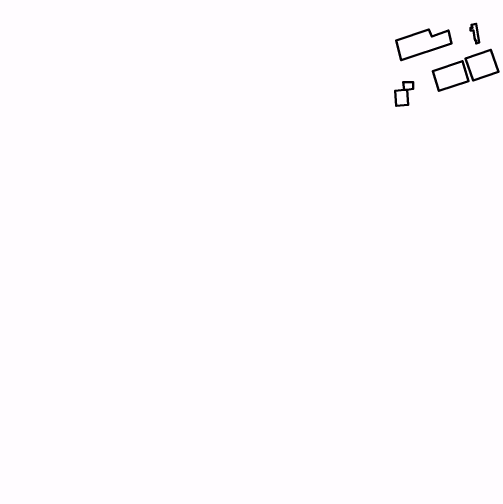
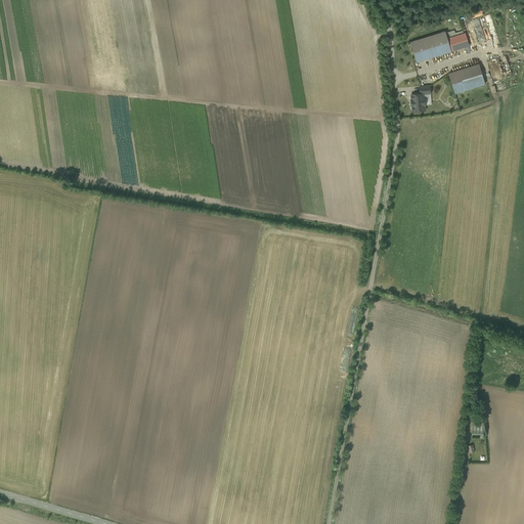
building: [465,50,499,80] -> none

